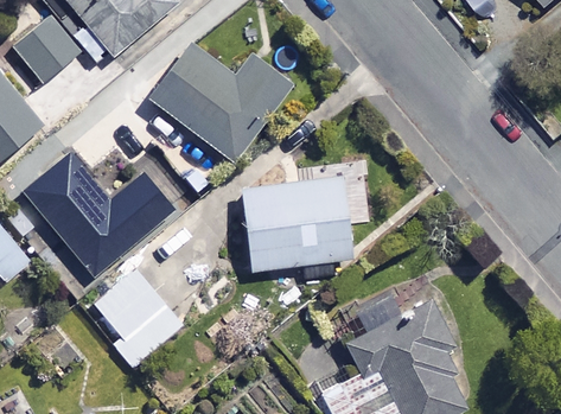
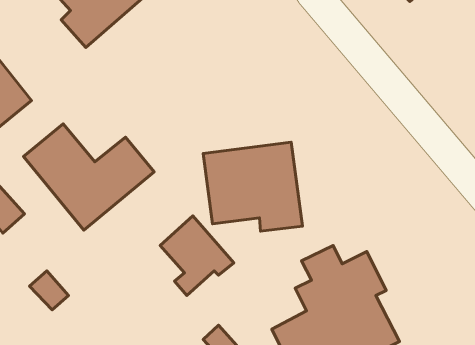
building: [13,18,79,84] -> none
building: [153,42,301,164] -> none
building: [96,269,181,362] -> [160,216,234,295]

